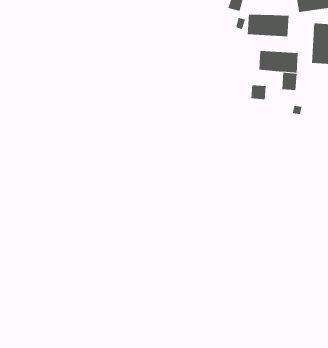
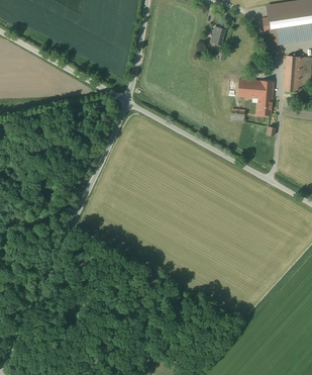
building: [247,14,289,37] -> none

